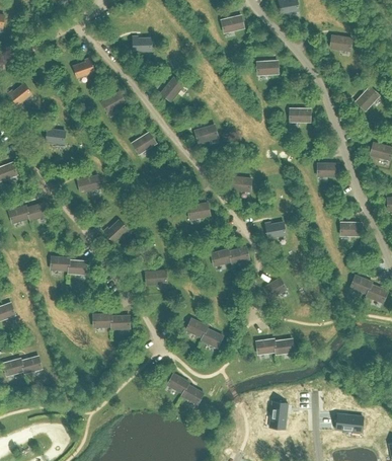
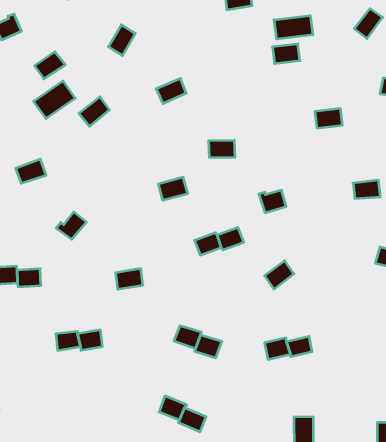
building: none -> [274,16,313,39]
building: none -> [34,81,75,119]

